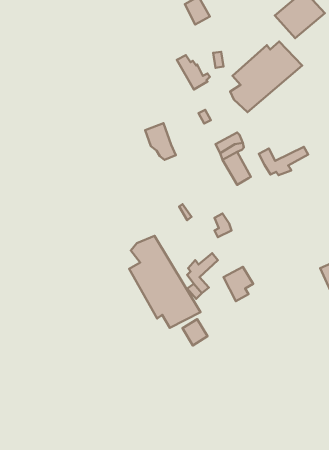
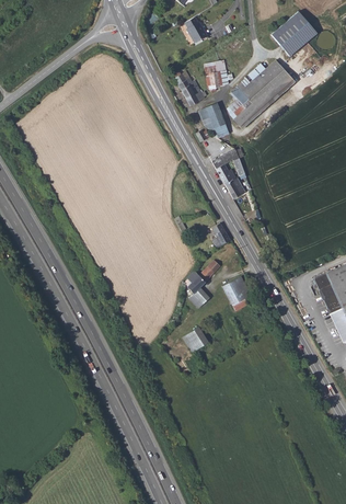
building: [145,123,176,160] -> [200,102,230,137]
building: [259,147,308,175] -> none
building: [129,236,200,328] -> none

